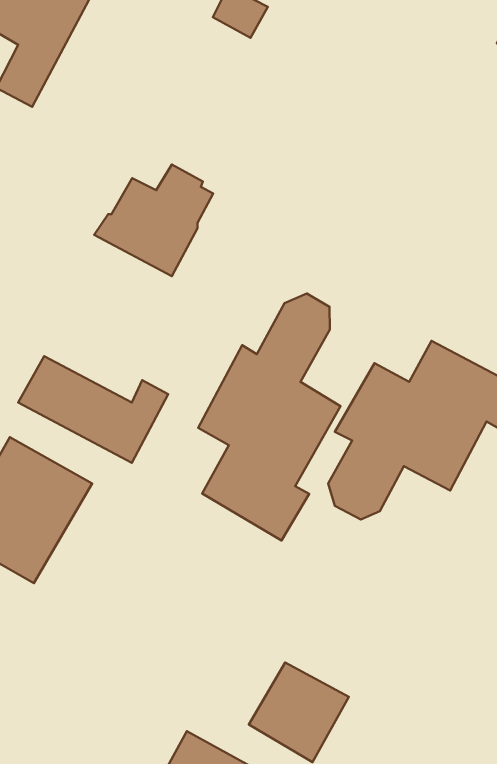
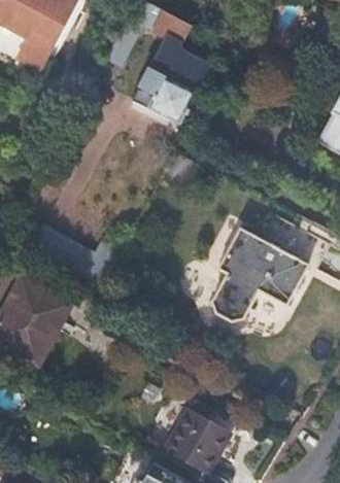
building: [94,164,213,276] -> [132,54,203,120]
building: [198,294,341,541] -> none

